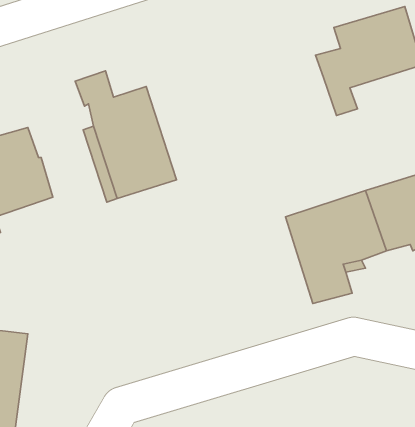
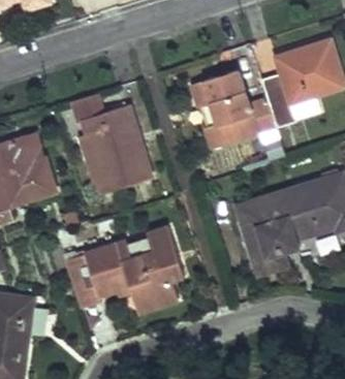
building: none -> [193,69,277,148]
building: none -> [64,227,185,310]

